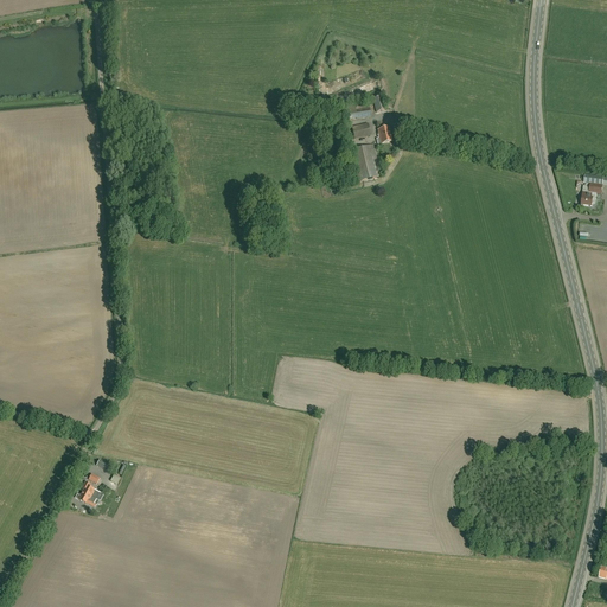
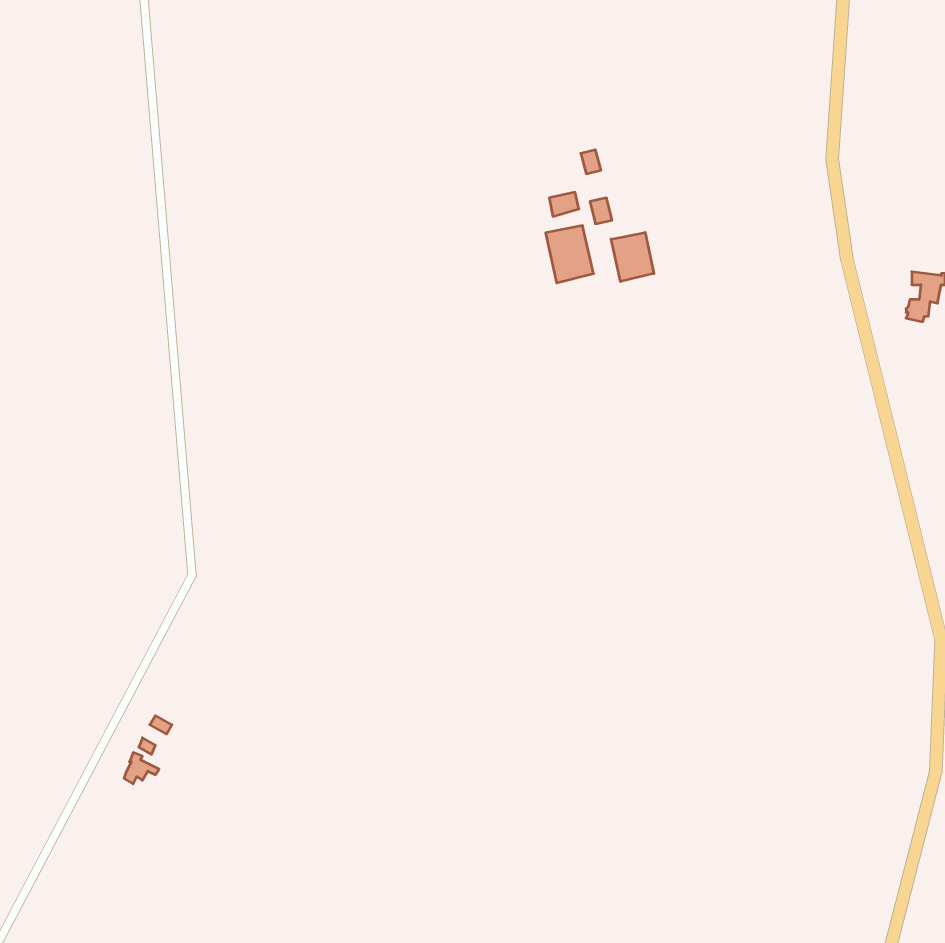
building: none -> [611,232,654,282]

